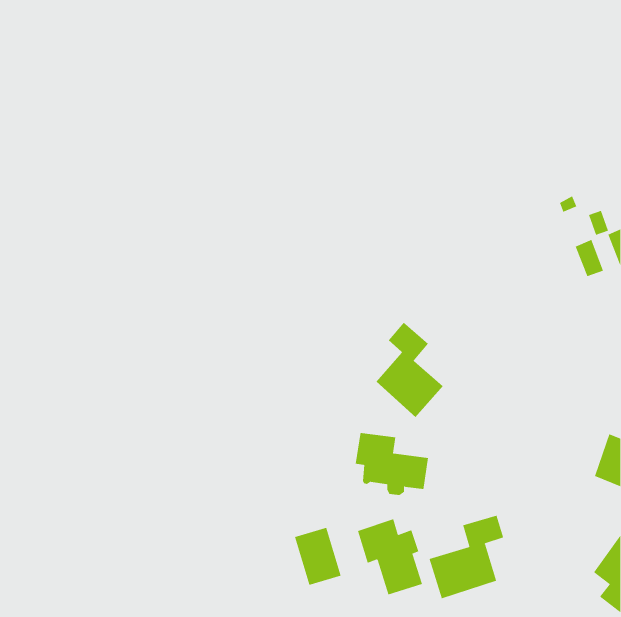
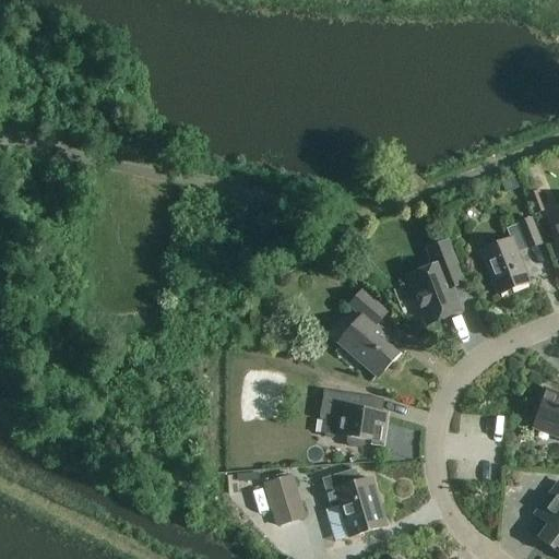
building: none -> [480,237,527,293]
building: none -> [408,239,466,321]
building: [429,515,504,599] -> none

